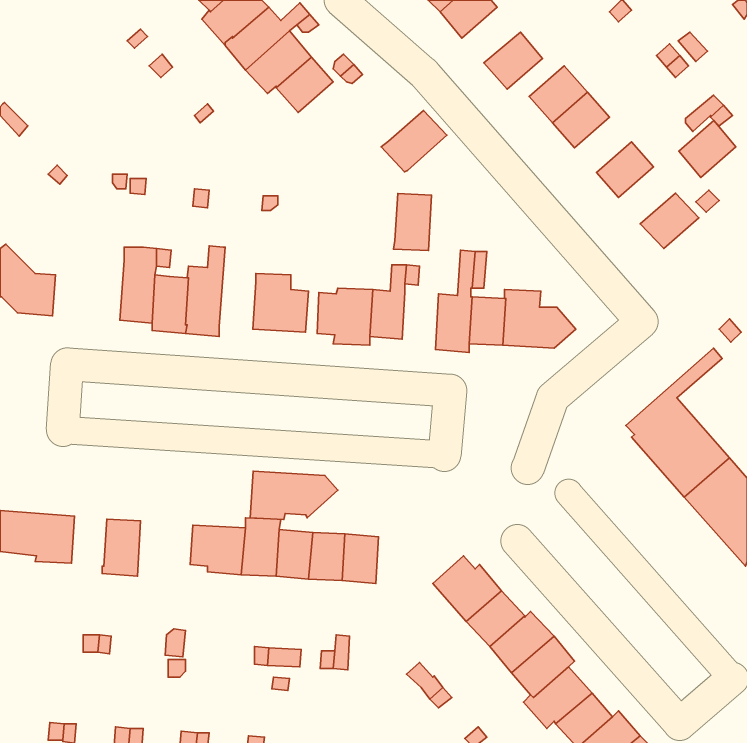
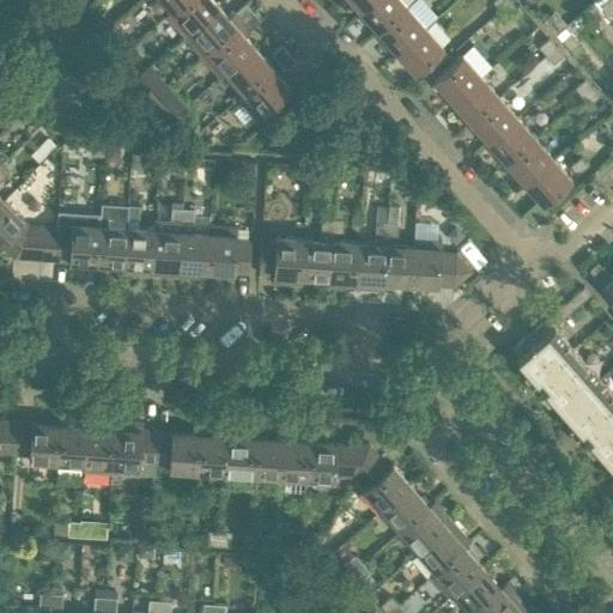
building: none -> [378,10,426,55]
building: [381,110,447,172] -> [238,71,292,121]
building: none -> [471,99,517,145]
building: [679,120,736,178] -> [506,140,553,187]
building: [393,194,431,251] -> [328,243,359,290]
building: none -> [180,212,210,280]
building: none -> [43,213,102,266]
building: [250,471,338,519] -> [308,443,380,482]
building: none -> [113,423,158,478]
building: none -> [59,426,87,467]

